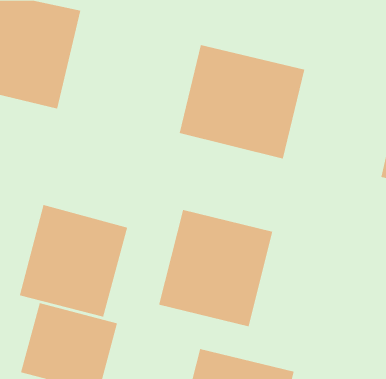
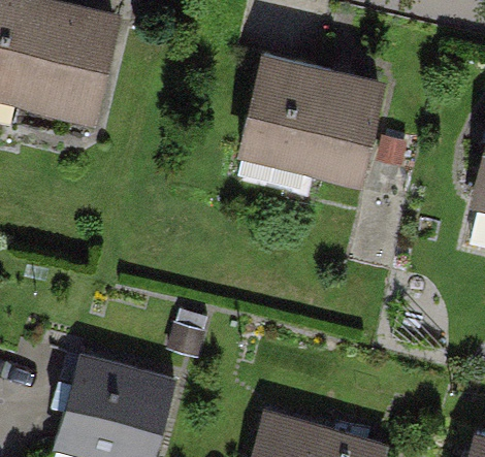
building: [19,204,128,318] -> none
building: [159,209,273,327] -> none

